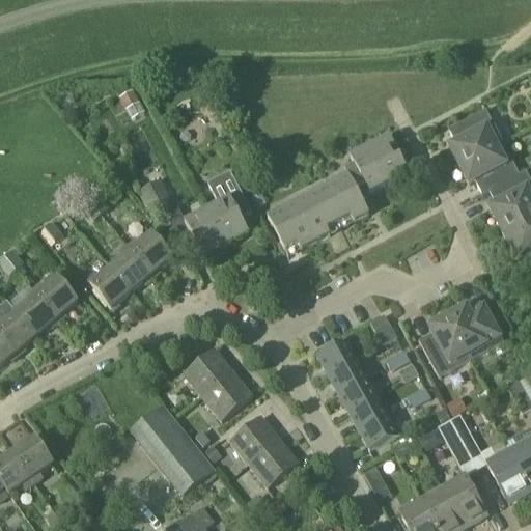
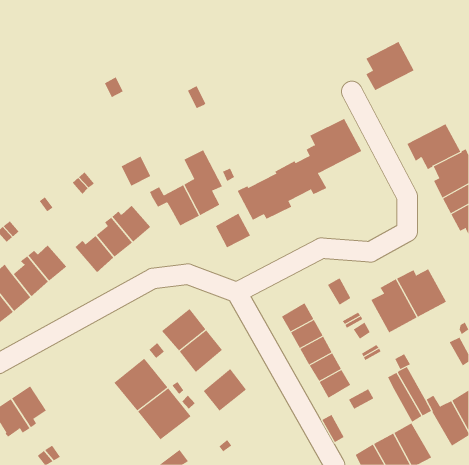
building: [447,106,502,162] -> [366,41,414,91]
building: none -> [215,213,251,248]
building: [247,438,298,486] -> none

